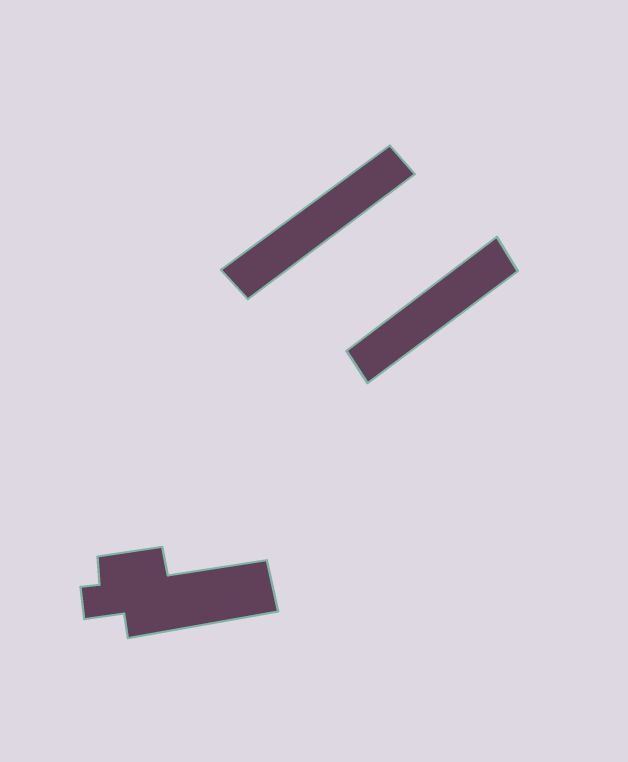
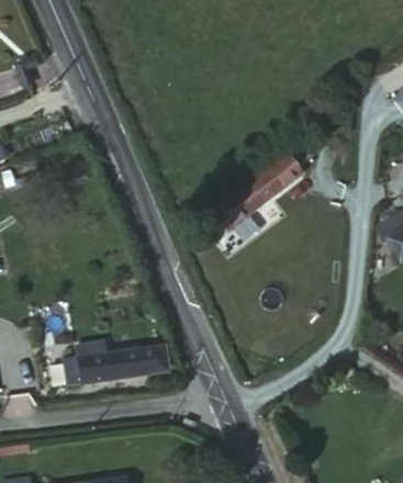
building: [221,146,415,299] -> none

